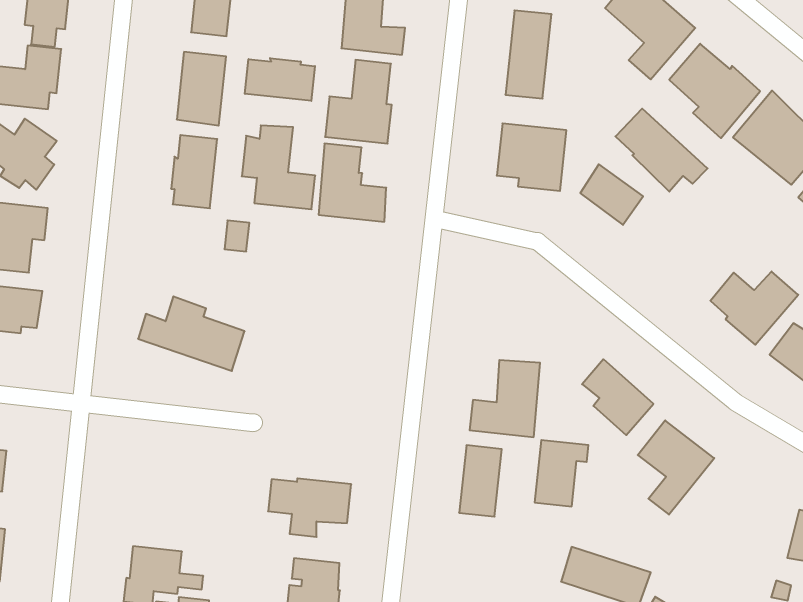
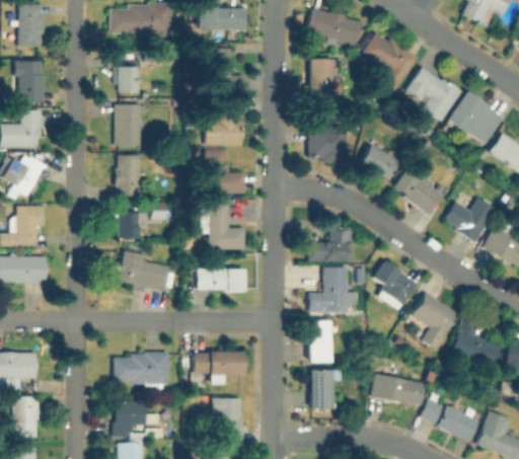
building: [245,58,315,101] -> none
building: [615,109,708,192] -> [392,167,449,215]
building: [242,125,315,209] -> [201,201,244,248]
building: none -> [116,204,148,238]
building: none -> [307,227,350,260]
building: none -> [199,267,245,292]
building: [535,440,588,506] -> [310,370,339,407]
building: none -> [449,315,499,367]
building: none -> [115,352,168,389]

